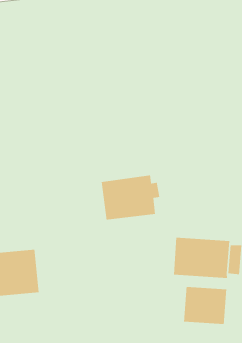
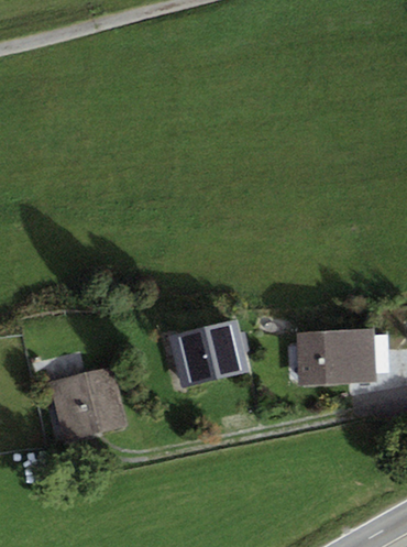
building: [101,175,160,220] -> [169,320,251,387]
building: [184,286,227,325] -> none

